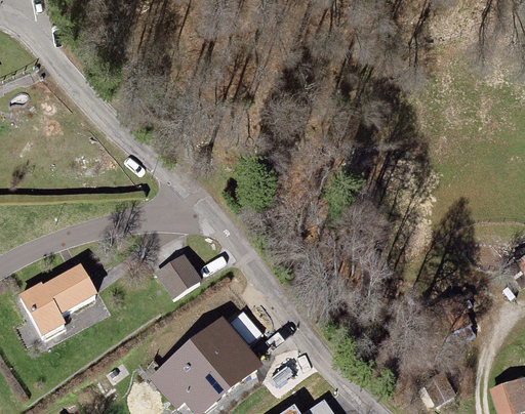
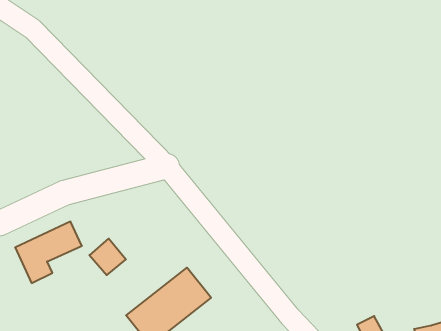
building: [160,251,203,294] -> [89,239,126,275]

